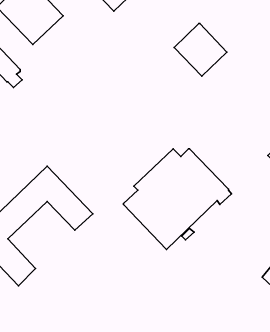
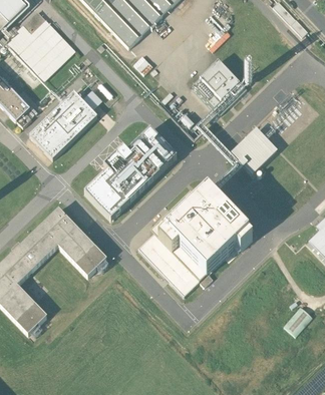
building: none -> [31,92,98,158]
building: none -> [232,127,278,173]
building: none -> [85,129,178,220]

